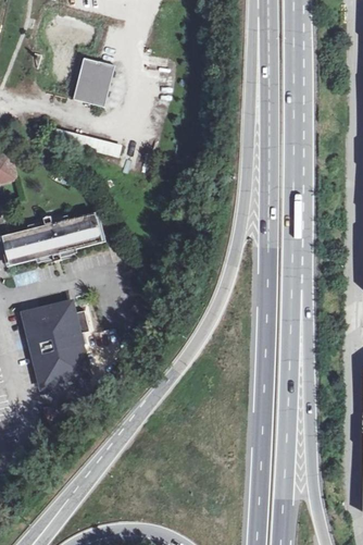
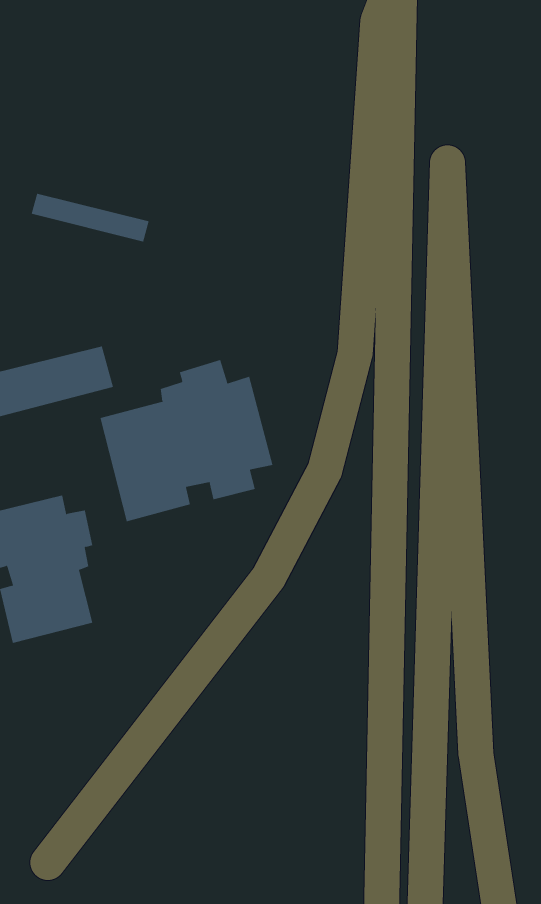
building: [73,60,113,109] -> none
building: none -> [100,359,273,522]

